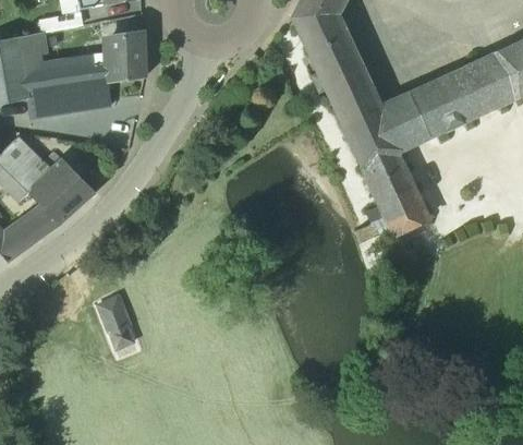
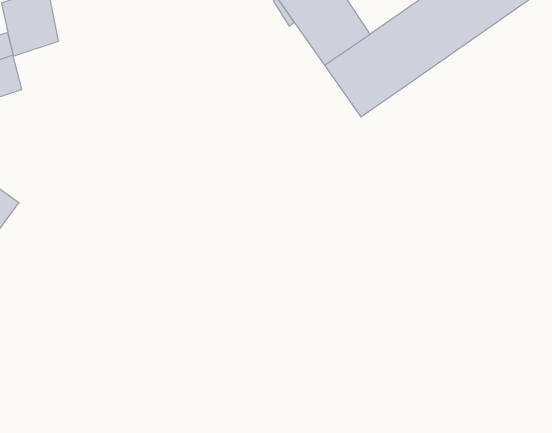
building: [363,153,427,233] -> none
building: [99,297,135,349] -> none

